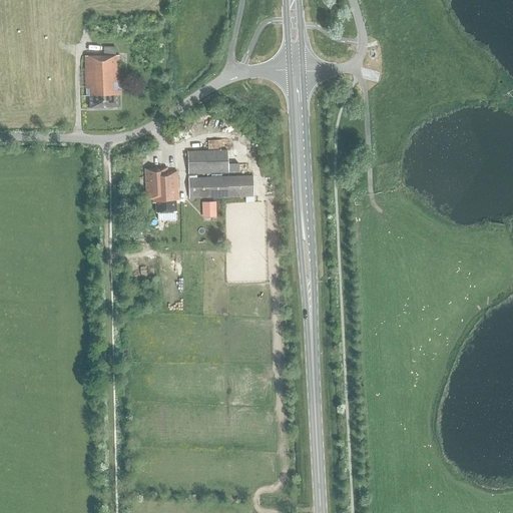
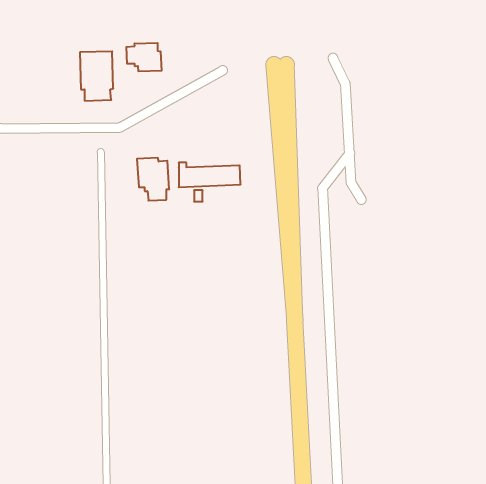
building: none -> [126,43,162,71]
building: [187,149,228,171] -> none

